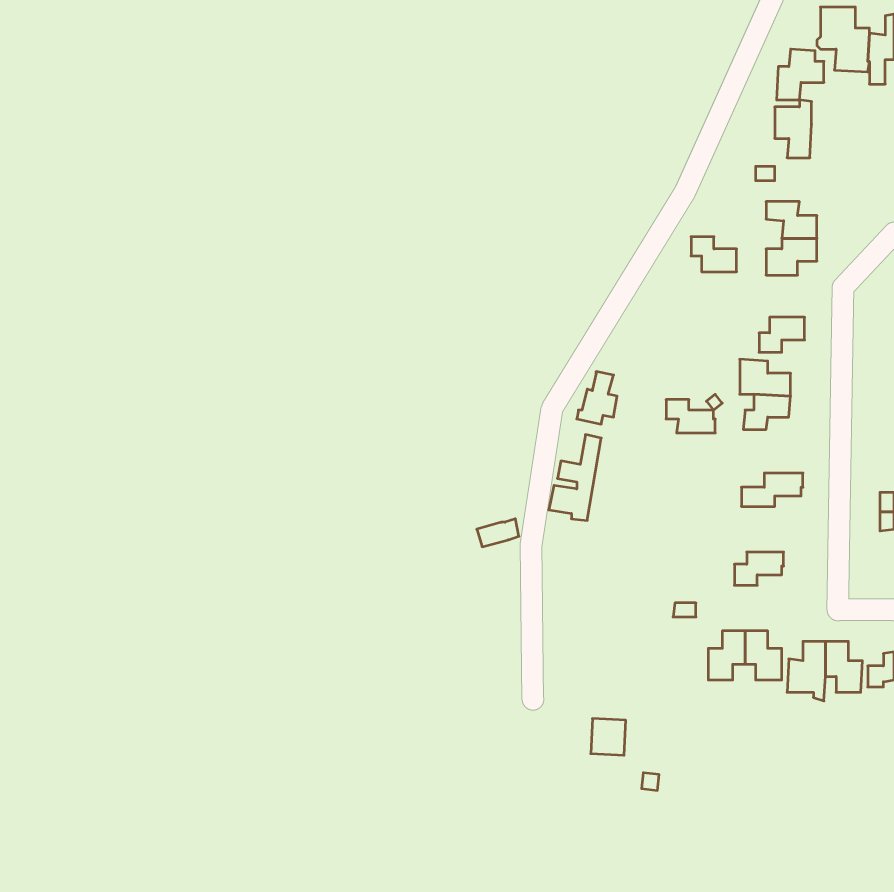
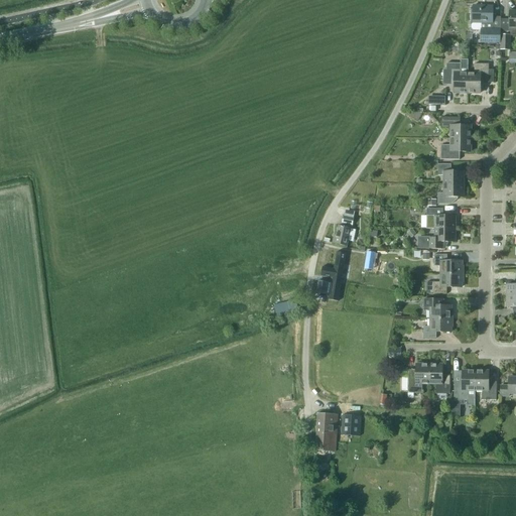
building: [777,49,824,100] -> [466,61,493,91]
building: [691,237,737,272] -> [436,162,463,182]
building: [666,400,715,433] -> [433,253,462,272]
building: none -> [422,297,452,317]
building: none -> [314,412,337,450]

